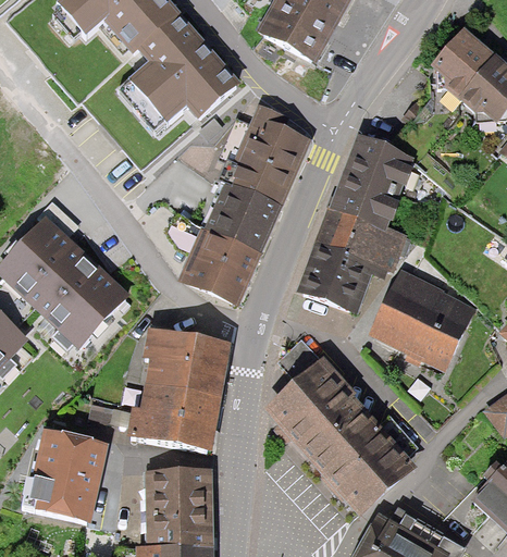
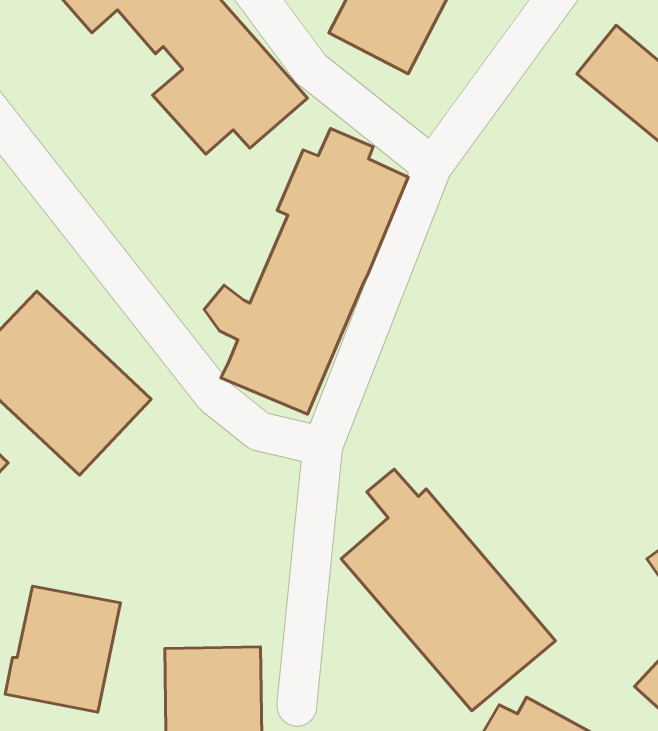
building: [304,134,416,309] -> none
building: [375,277,473,366] -> none
building: [129,331,230,450] -> none

